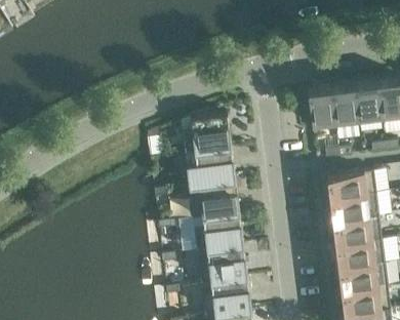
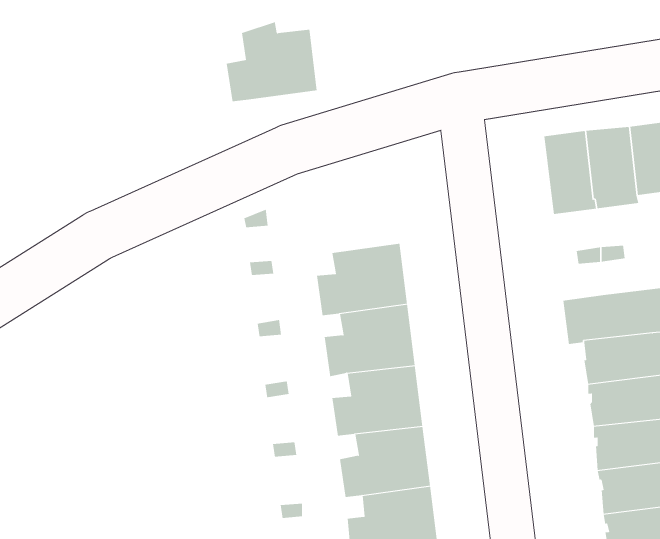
building: [182,111,231,154] -> [226,22,318,102]

